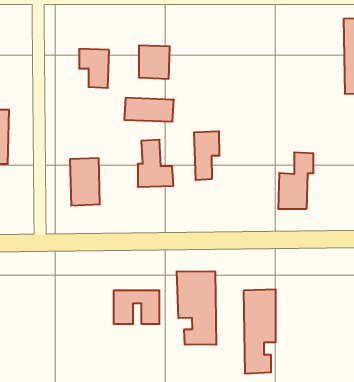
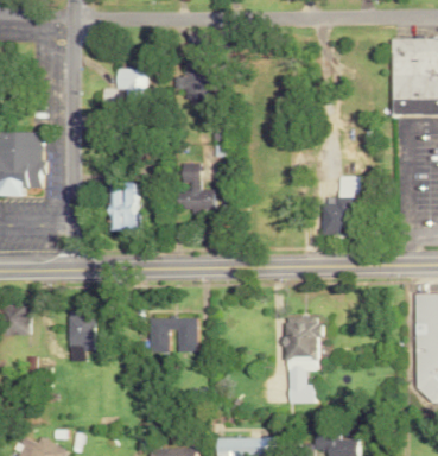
building: [124,98,174,122] -> none
building: [194,131,219,180] -> none
building: [177,271,216,345] -> none
building: none -> [70,315,96,362]

